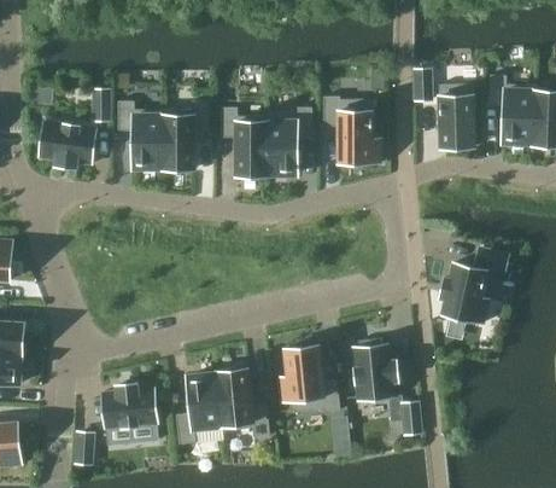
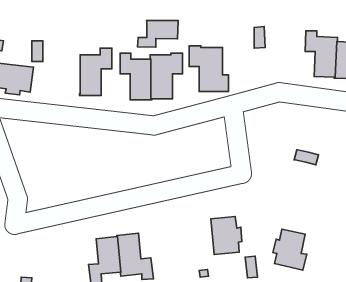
building: none -> [137,20,178,47]
building: [439,85,475,149] -> none
building: [118,101,164,168] -> none
building: [440,265,490,324] -> [273,229,307,270]
building: [280,347,340,413] -> none
building: [103,384,158,430] -> none

